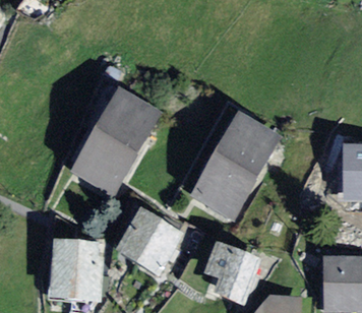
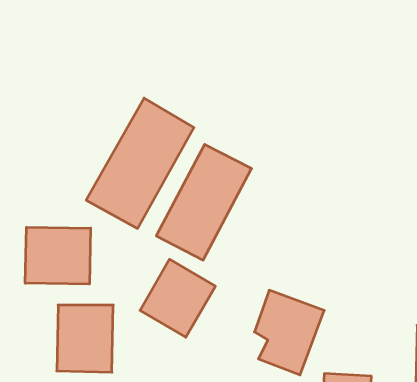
building: [198,119,270,206] -> [156,144,252,260]
building: none -> [25,227,91,284]

